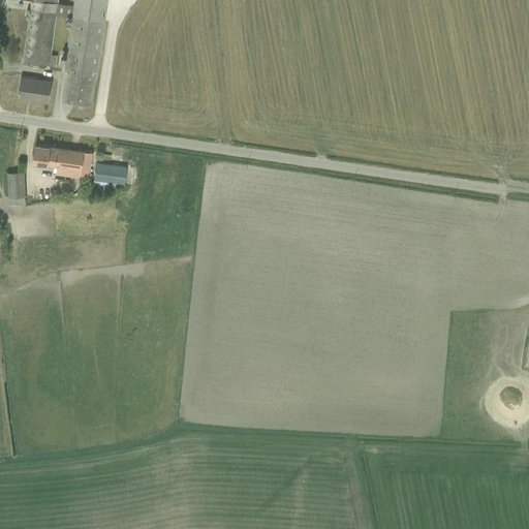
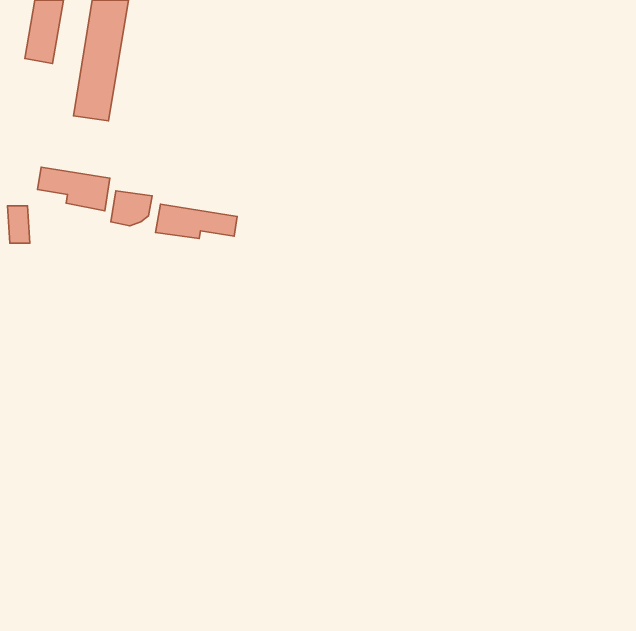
building: [18,76,52,102] -> none
building: none -> [155,204,237,238]

